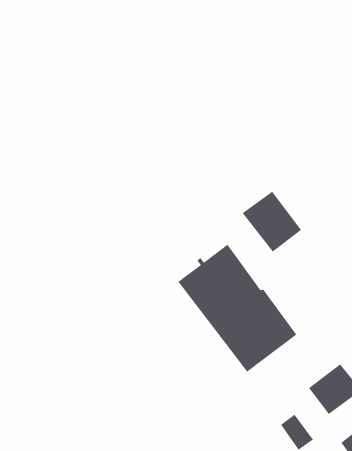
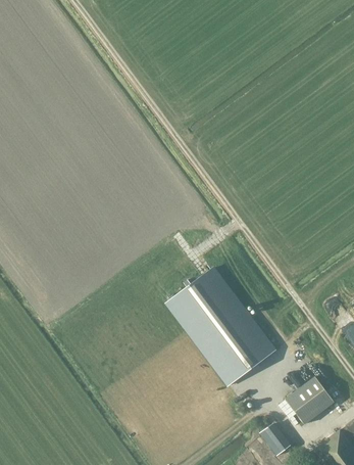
building: [242,191,302,253] -> none

